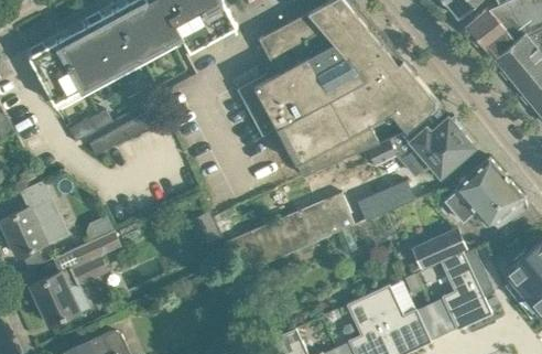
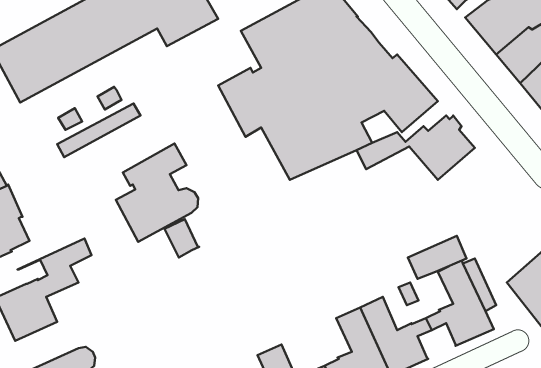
building: none -> [116,144,198,242]
building: [445,158,527,227] -> none
building: [227,175,422,275] -> none

